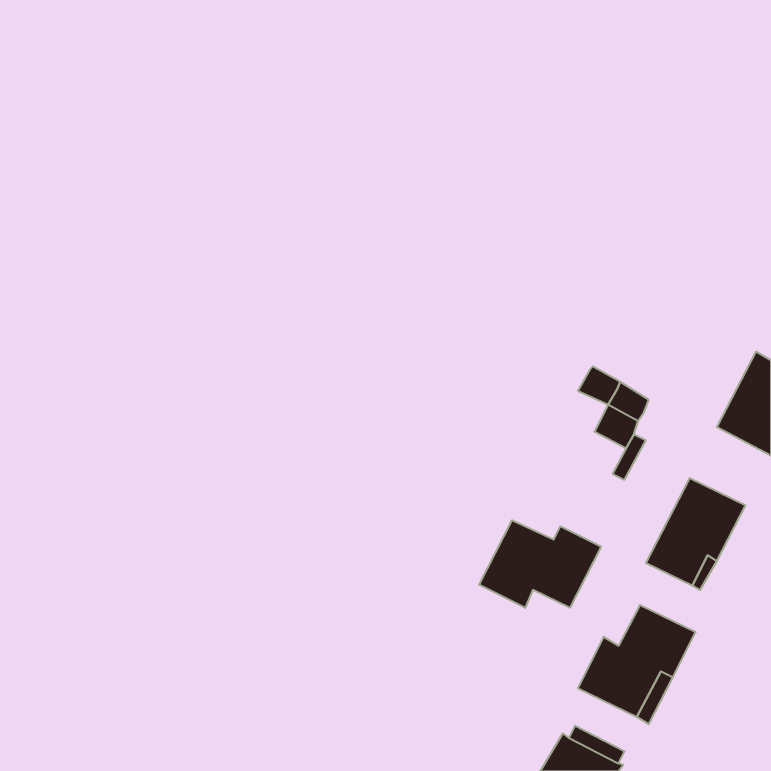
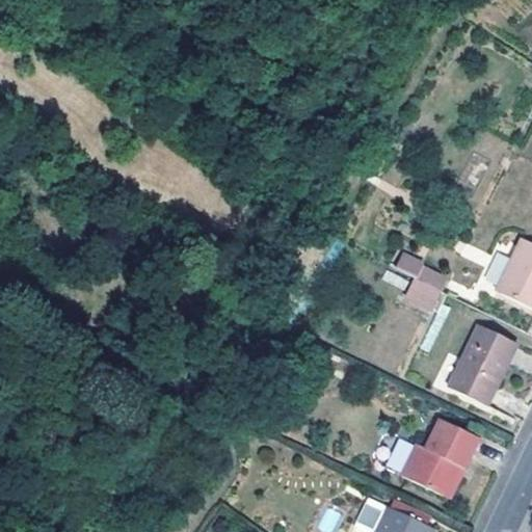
building: [479,520,601,608] -> none

